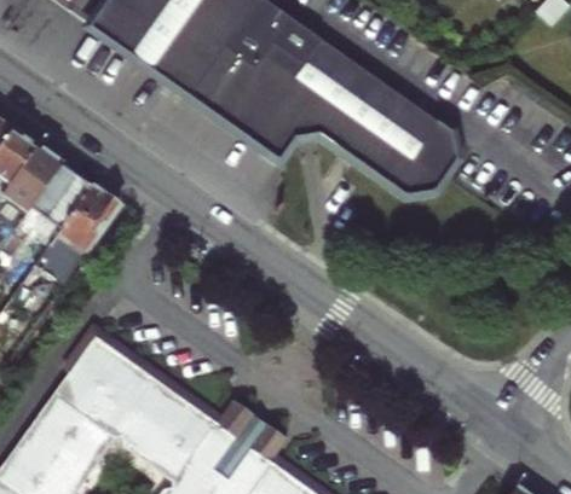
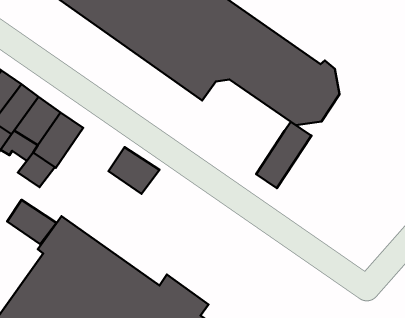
building: none -> [256,122,312,188]
building: none -> [108,147,159,194]
building: none -> [7,200,57,244]

